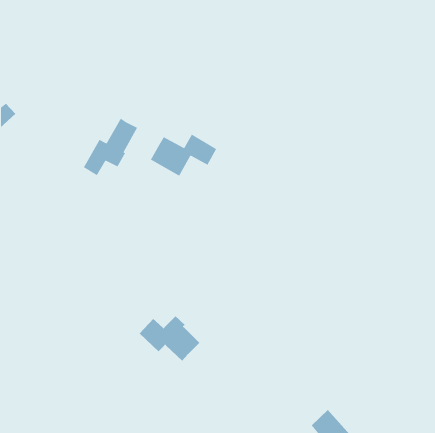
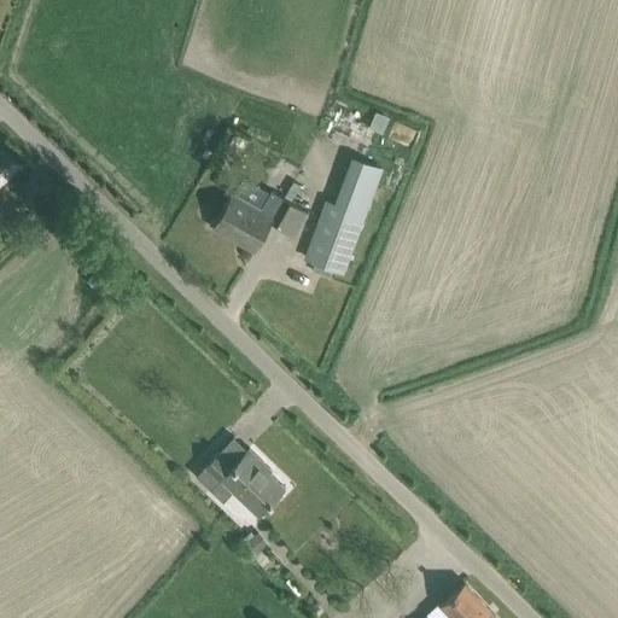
building: none -> [305,163,380,273]
building: [83,117,138,176] -> none

